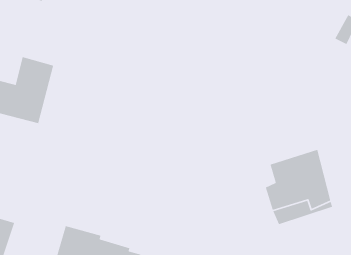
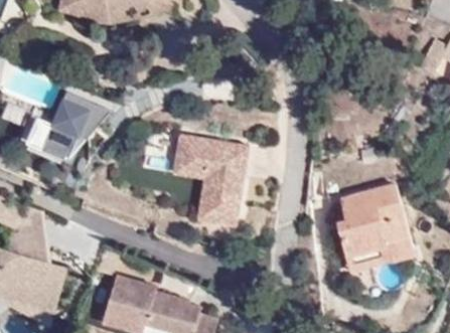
building: none -> [178,128,256,224]

